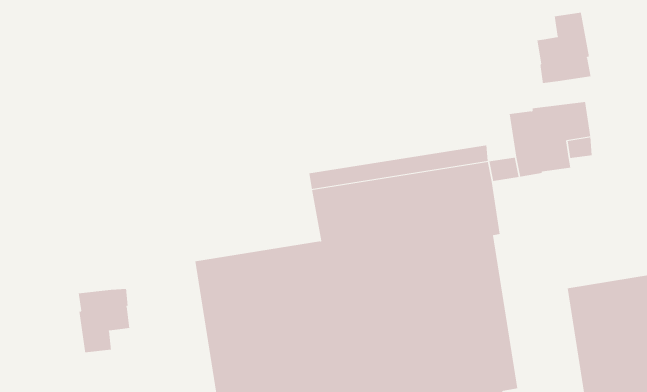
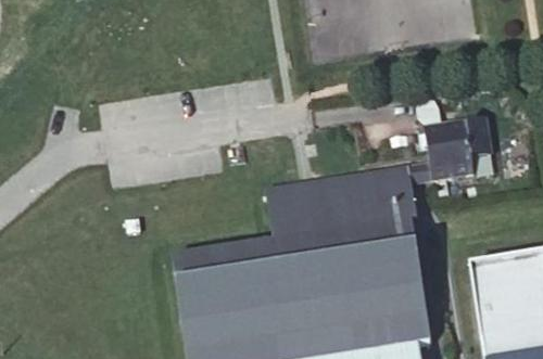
building: [537,12,591,84] -> none
building: [78,288,130,353] -> none

